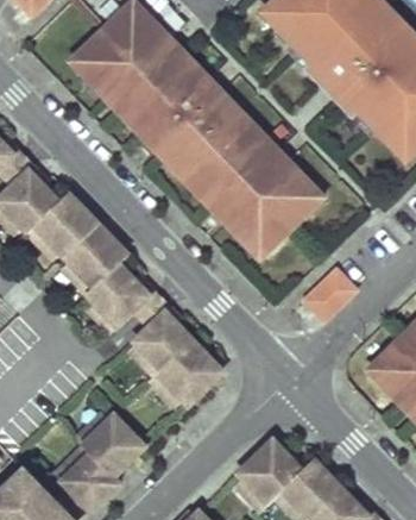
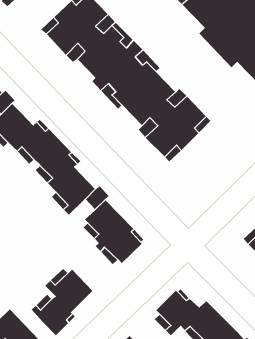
building: [292,267,357,320] -> none

